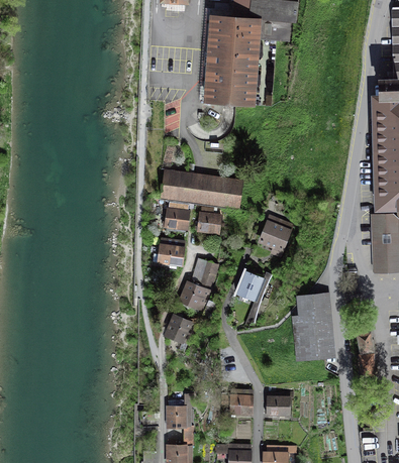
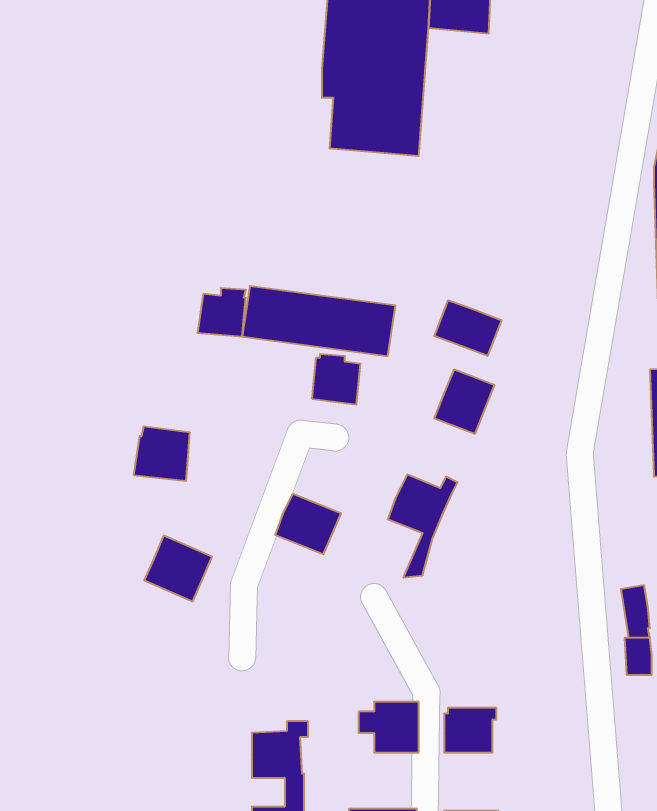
building: none -> [434,300,501,356]
building: [165,203,190,228] -> [197,288,246,337]
building: [156,236,185,264] -> [134,427,190,481]
building: [192,258,219,285] -> none
building: [292,292,336,361] -> none
building: [163,312,198,346] -> [144,535,212,601]

